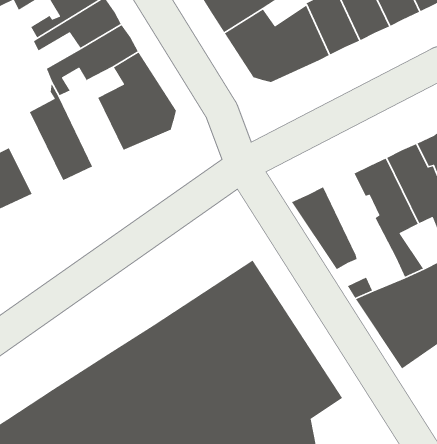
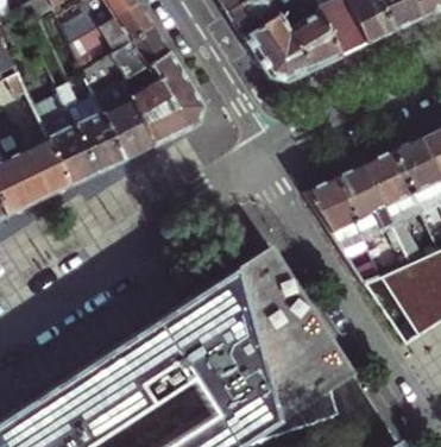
building: none -> [96,81,155,159]
building: none -> [48,102,100,184]
building: none -> [336,165,402,245]

